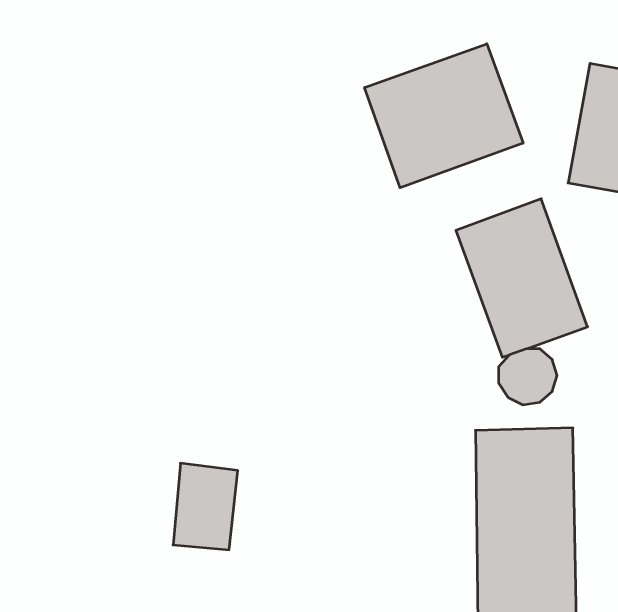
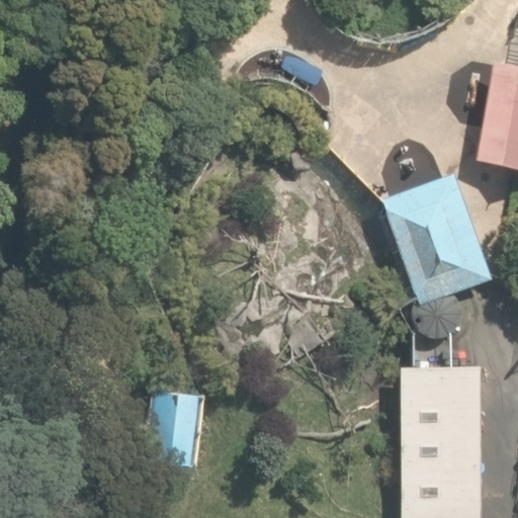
building: [365,44,523,188] -> none

